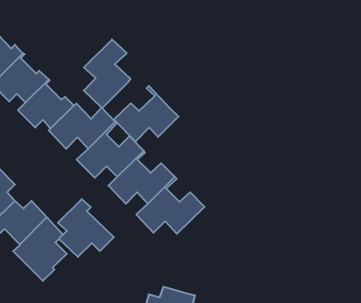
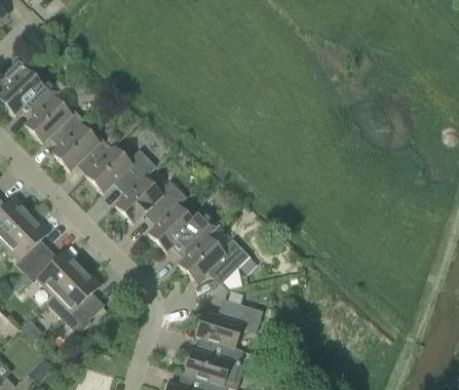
building: [84,39,130,108] -> none
building: [114,86,179,141] -> none
building: [58,199,114,257] -> none
building: none -> [194,299,262,348]

